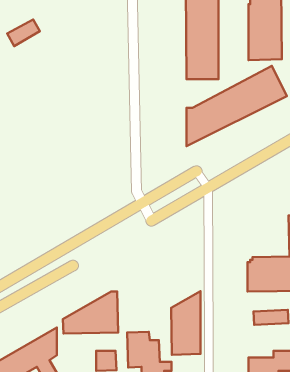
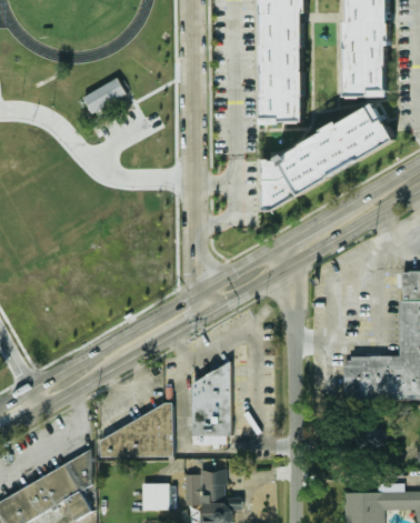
building: [7,19,40,46] -> [82,77,126,112]
building: [171,291,200,355] -> [189,362,228,446]

